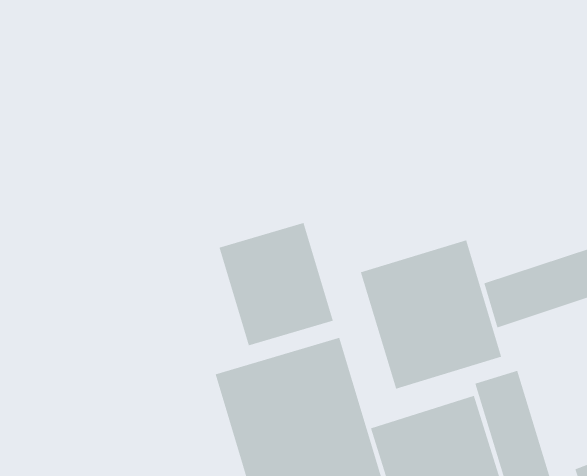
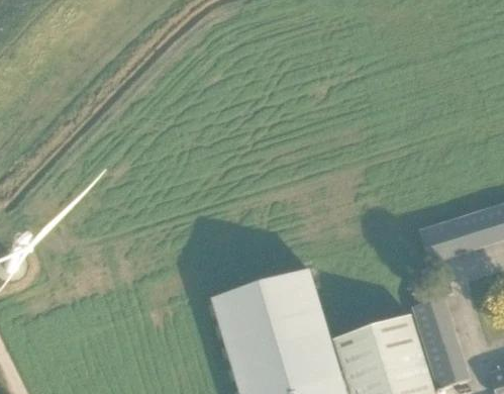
building: [219,222,333,346] -> none
building: [360,239,502,390] -> none

